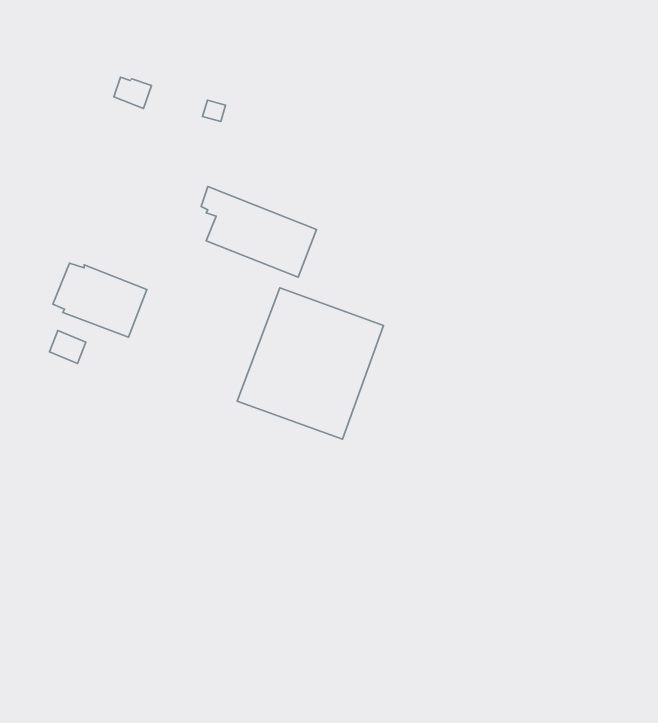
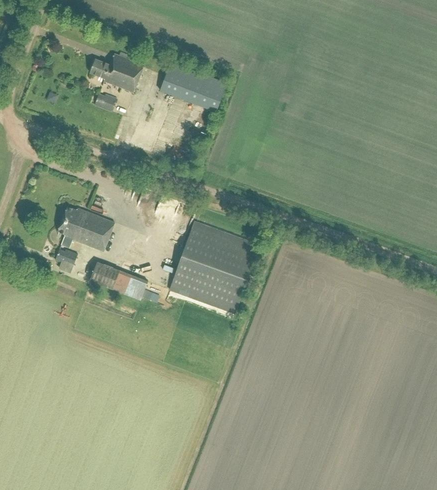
building: none -> [89,54,142,91]
building: [201,187,316,277] -> [156,57,226,112]
building: none -> [88,261,147,300]

